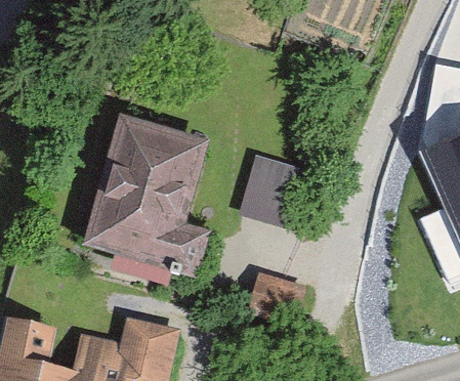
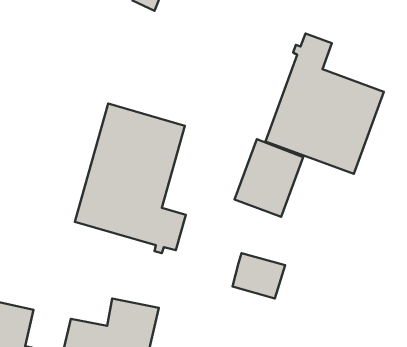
building: none -> [266,34,384,174]

